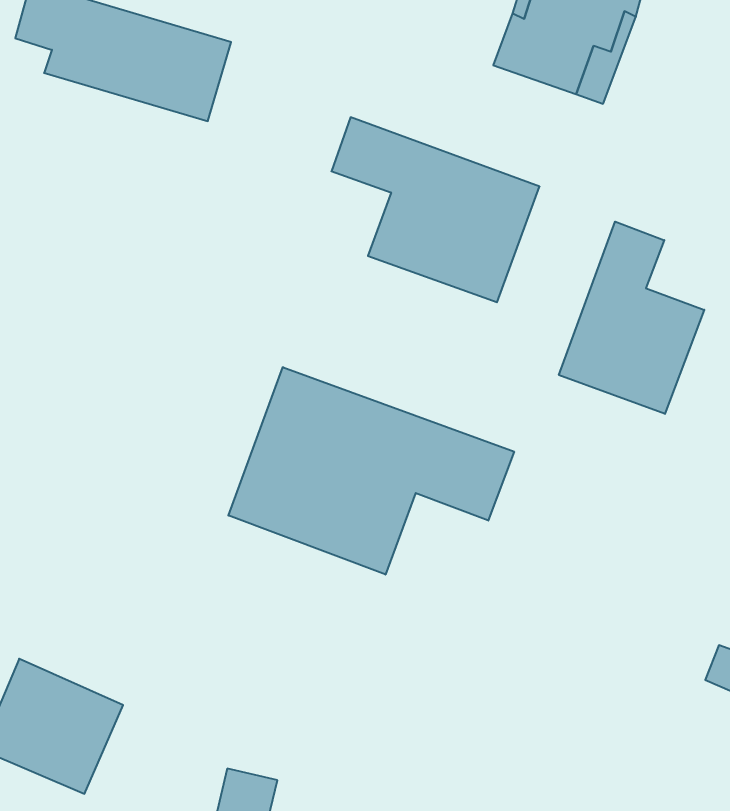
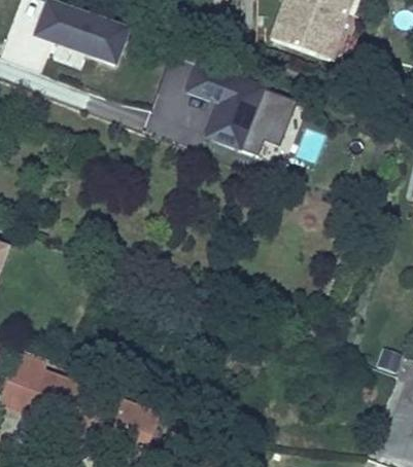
building: [559,222,704,414] -> none
building: [228,367,514,575] -> none

